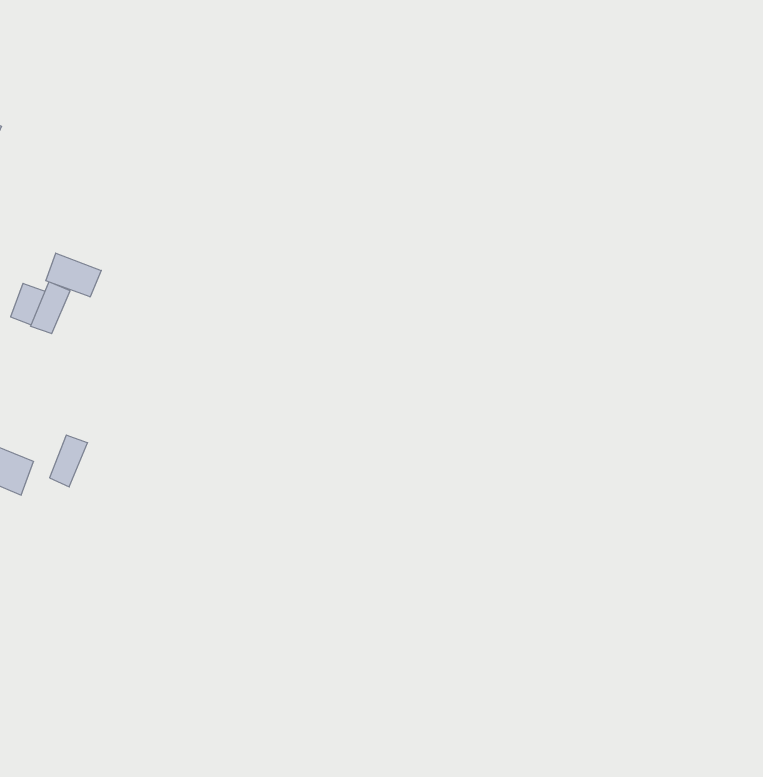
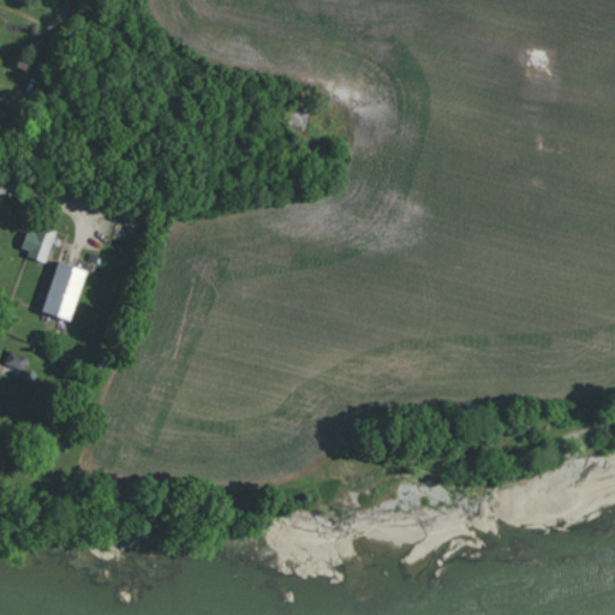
building: [46,253,101,297] -> none
building: [50,435,88,487] -> [47,275,77,316]

